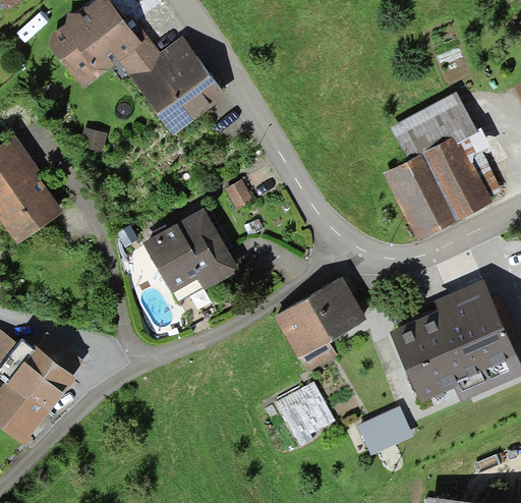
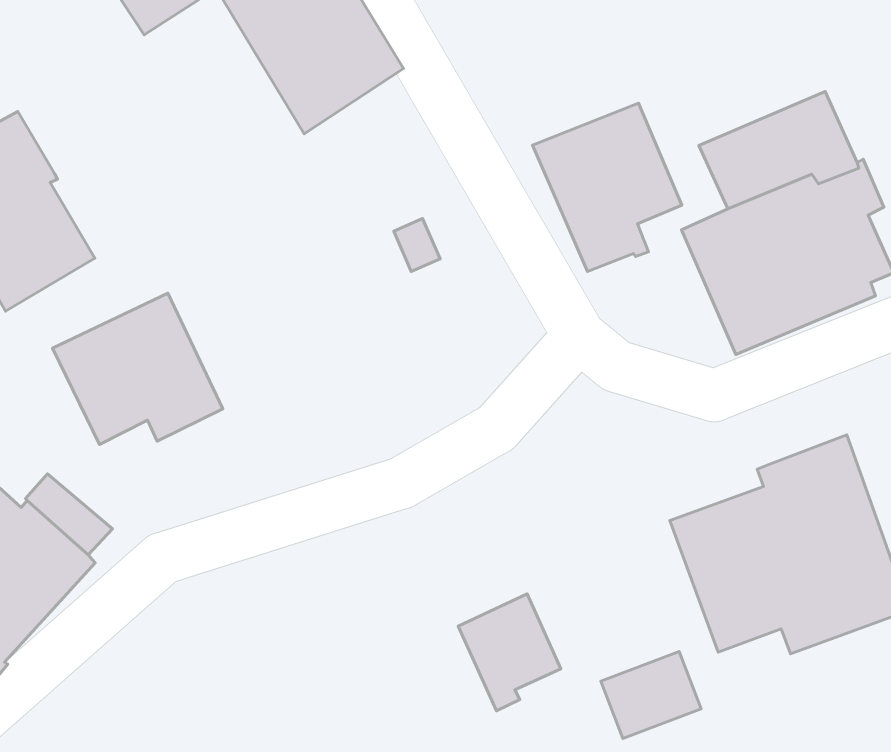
building: none -> [532,103,682,272]
building: [141,208,237,293] -> [53,293,223,444]
building: [273,277,366,371] -> none

